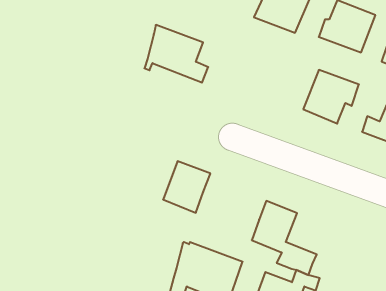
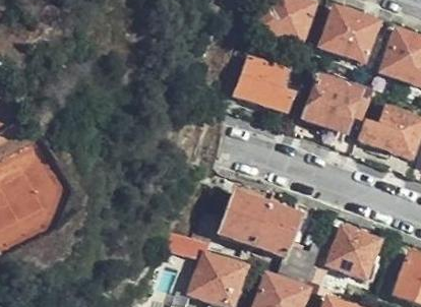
building: [144,25,208,83] -> [229,56,292,113]
building: [163,161,210,213] -> [223,197,269,248]
building: none -> [311,226,379,286]

